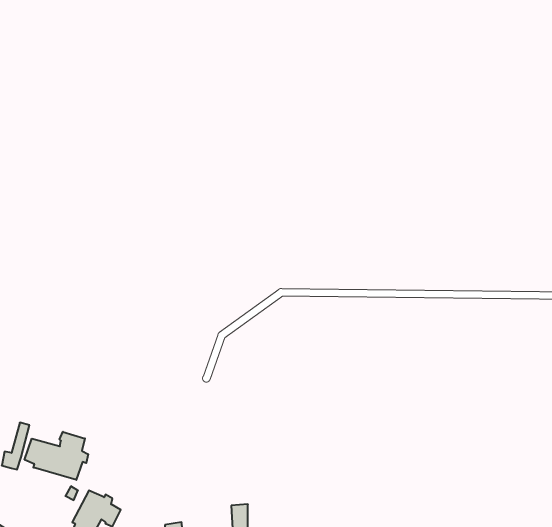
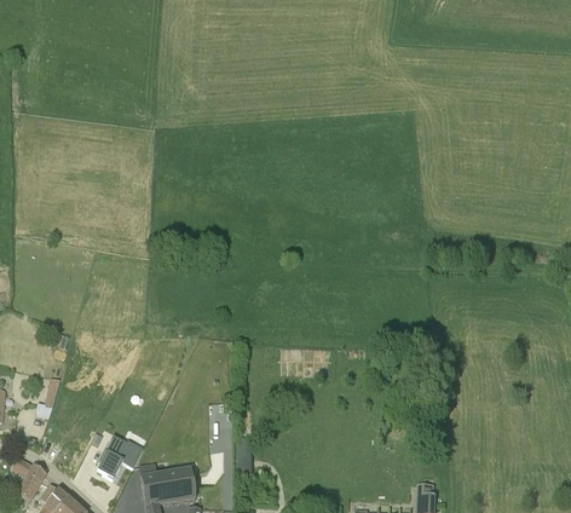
building: [25,432,88,480] -> none

